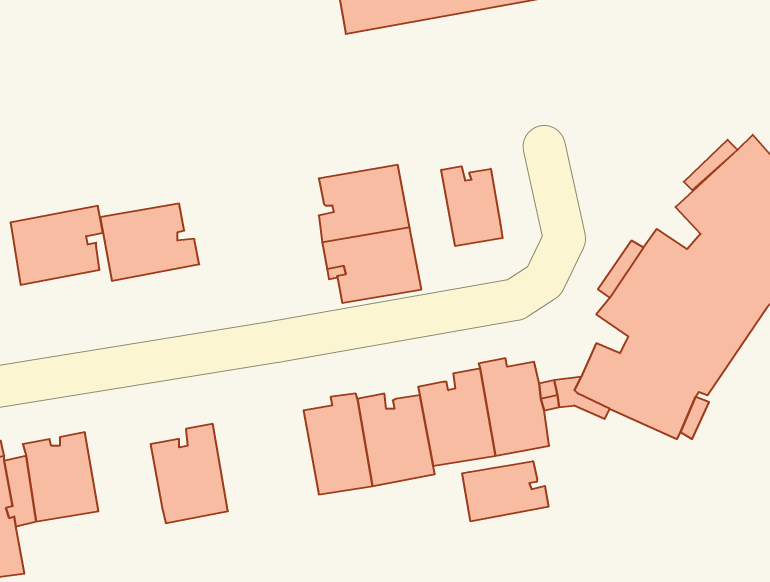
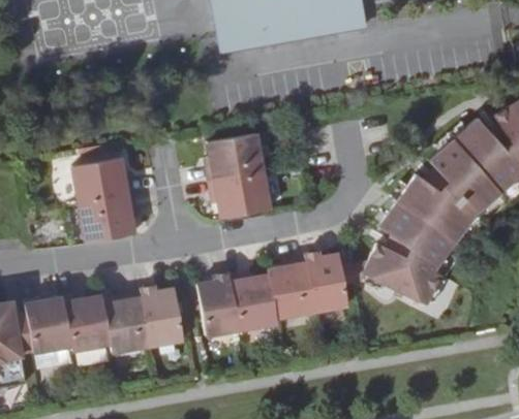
building: [441,166,502,246] -> none
building: [10,206,103,285] -> [80,194,136,243]
building: none -> [141,286,184,346]
building: none -> [63,294,111,351]
building: [462,461,548,521] -> none

